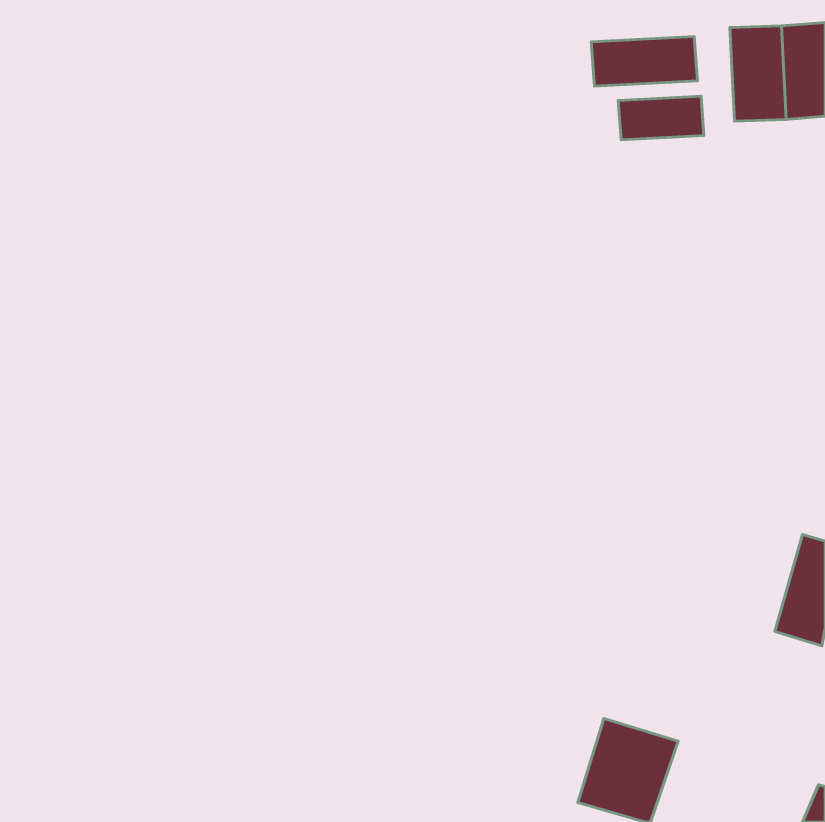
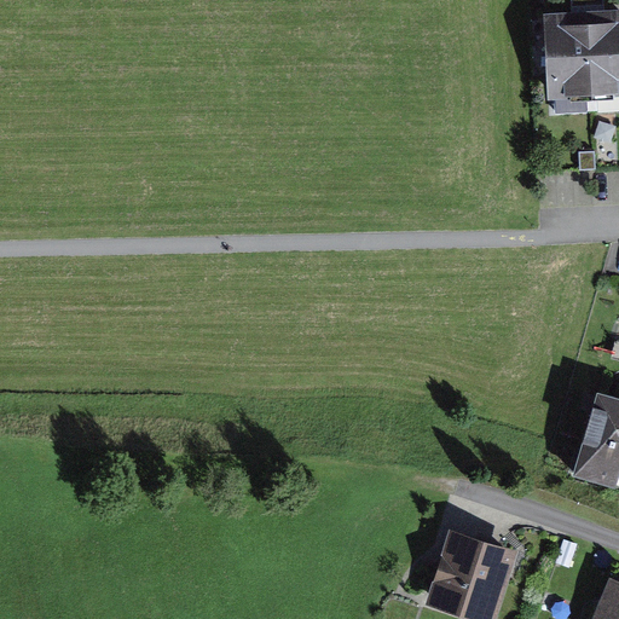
building: [591,36,698,86] -> none
building: [618,96,704,140] -> none

